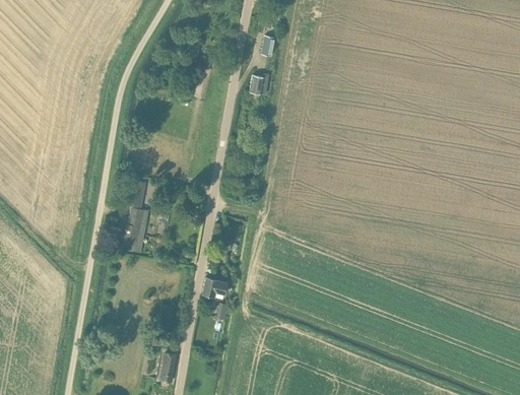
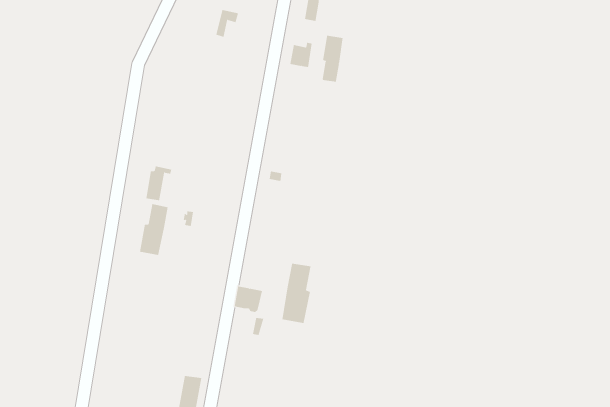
building: none -> [322,35,343,82]
building: none -> [282,263,311,324]

